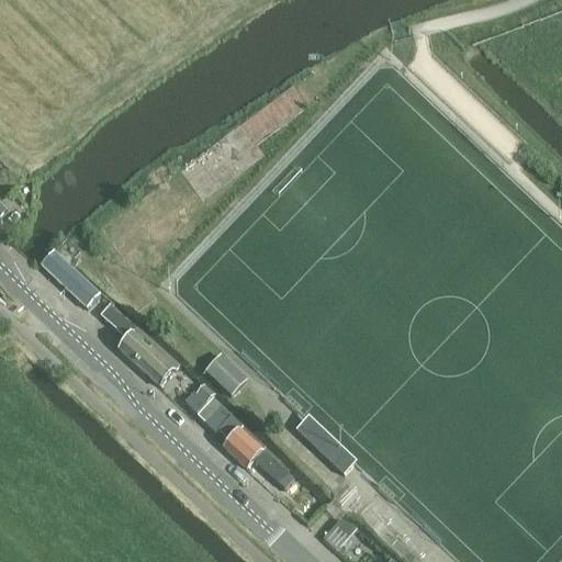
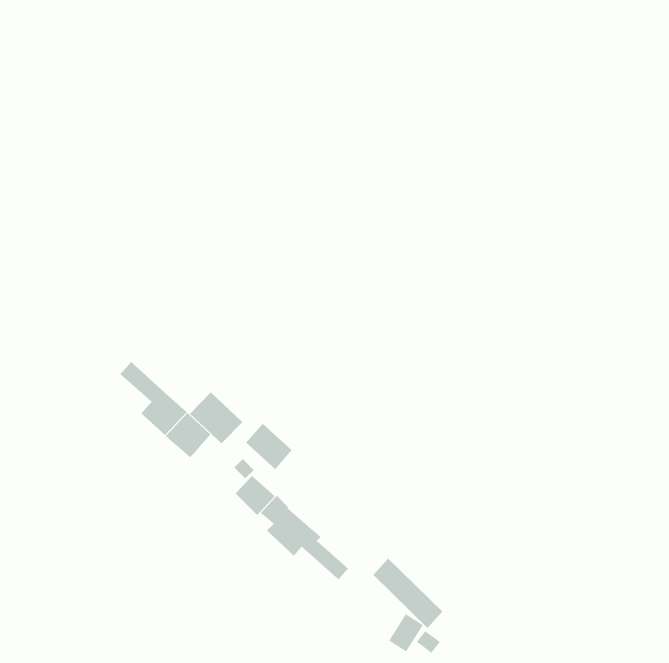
building: [40,248,99,305] -> none
building: none -> [189,392,243,444]
building: [297,414,357,473] -> [372,558,443,629]

